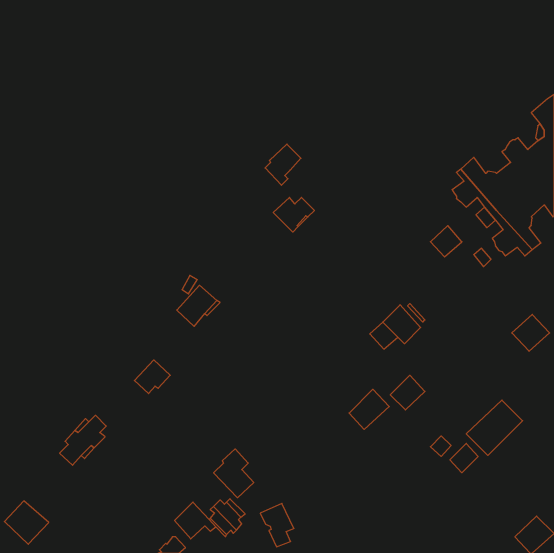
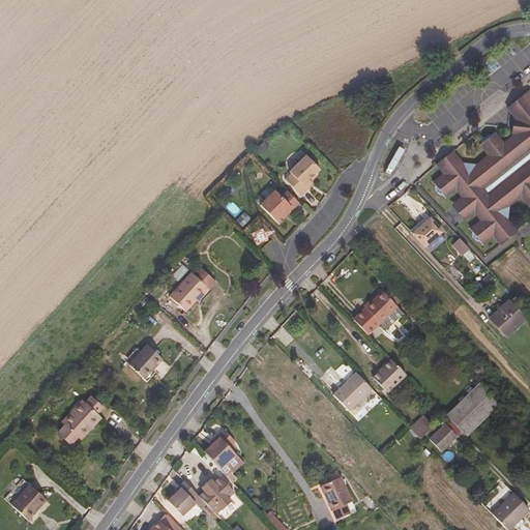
building: [265,144,301,185] -> [287,154,321,194]
building: [260,503,294,547] -> [320,476,352,518]

